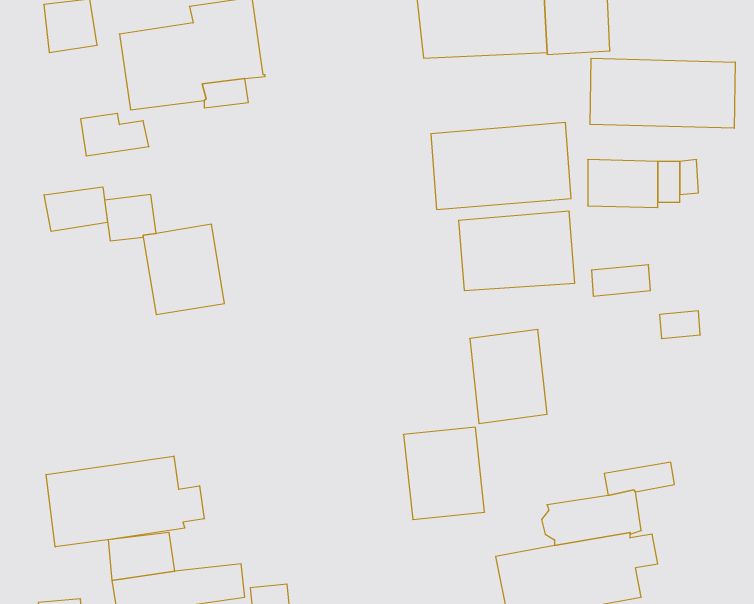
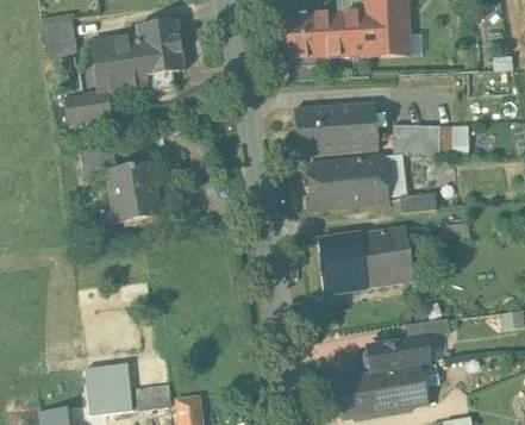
building: [590,58,735,128] -> none
building: [44,187,108,231] -> none
building: [403,427,485,520] -> [362,227,414,287]
building: [46,456,204,547] -> none

